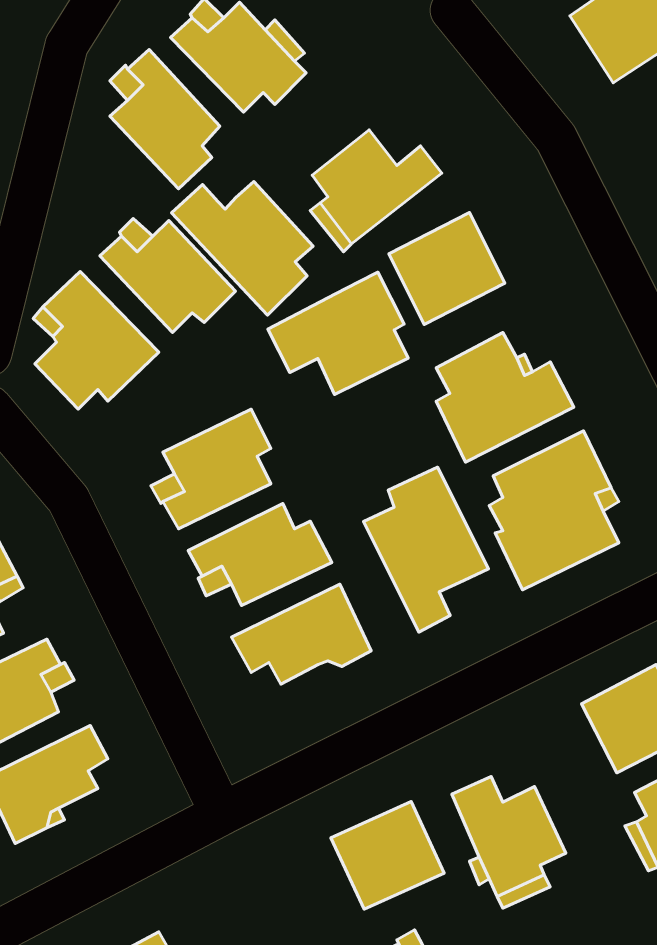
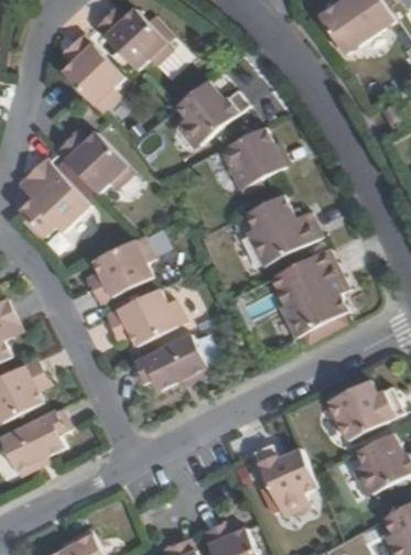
building: [171,182,313,315] -> none
building: [268,272,408,394] -> none
building: [363,467,488,632] -> none
building: [331,802,444,909] -> none

